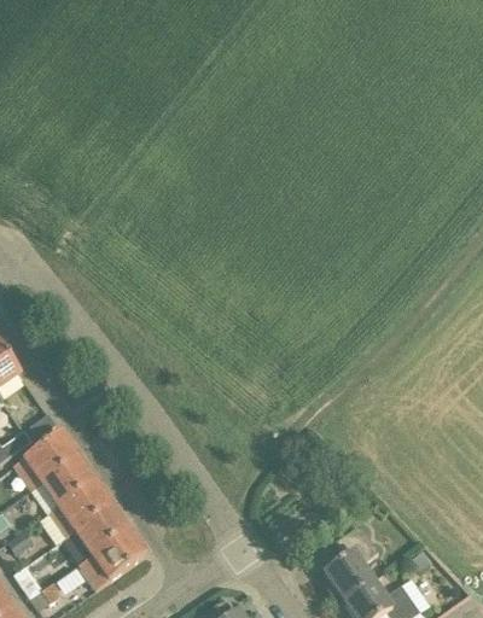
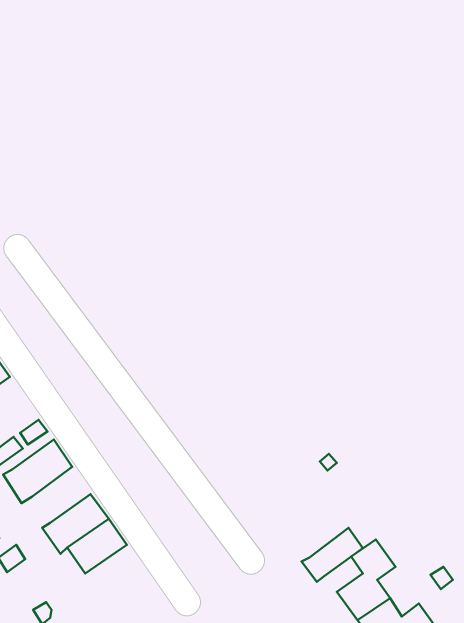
building: [42,456,97,508] -> none
building: none -> [302,528,363,582]
building: [81,529,147,588] -> none

